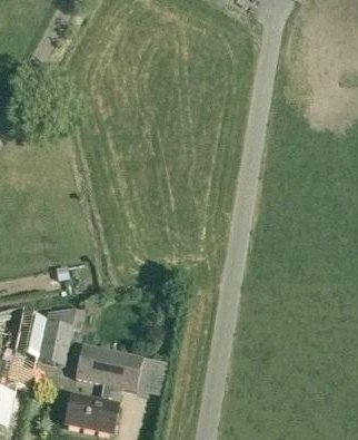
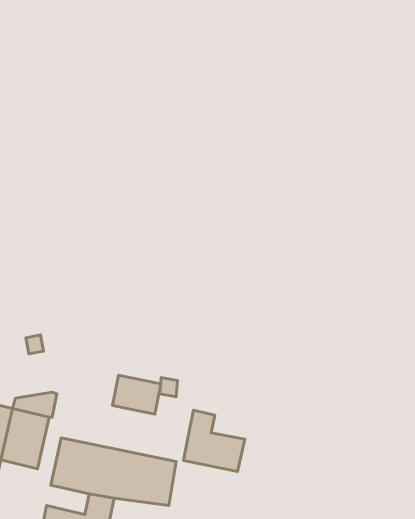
building: none -> [112,375,161,414]
building: none -> [184,410,245,472]

